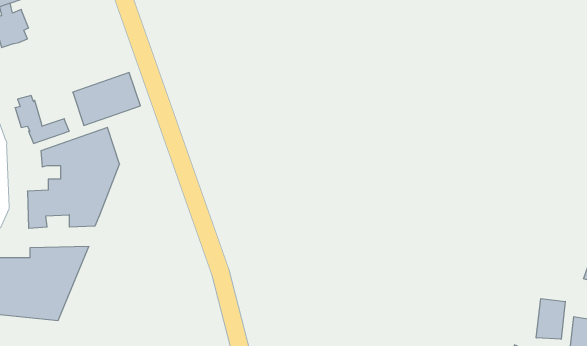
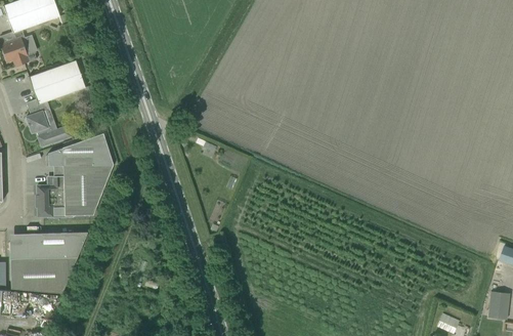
building: [73,73,140,125] -> [28,59,84,103]
building: [536,299,565,339] -> none

